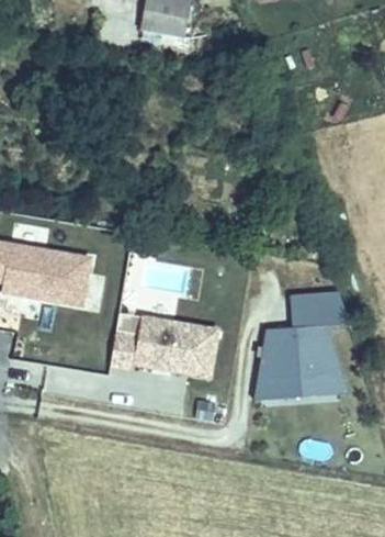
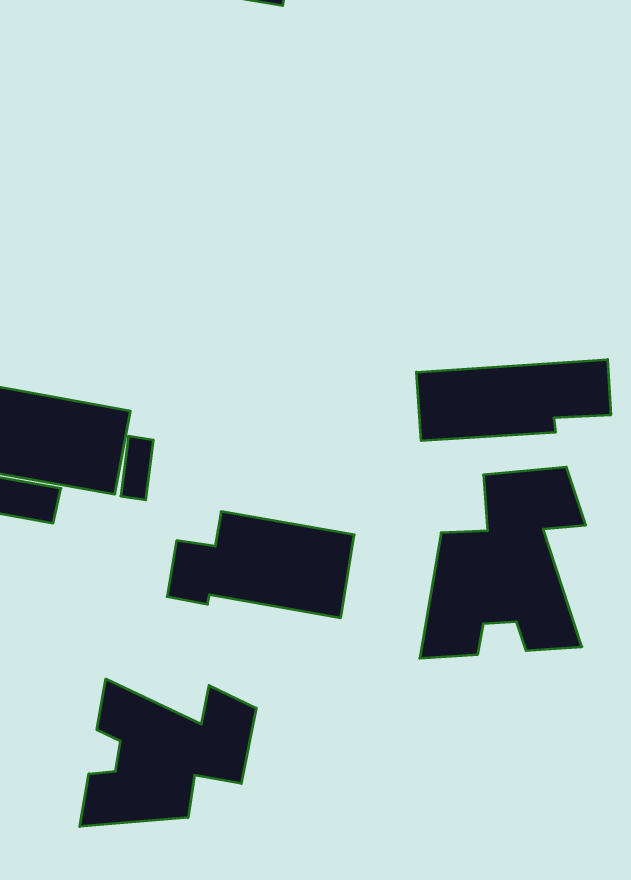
building: none -> [416,359,611,441]
building: none -> [80,679,256,827]

